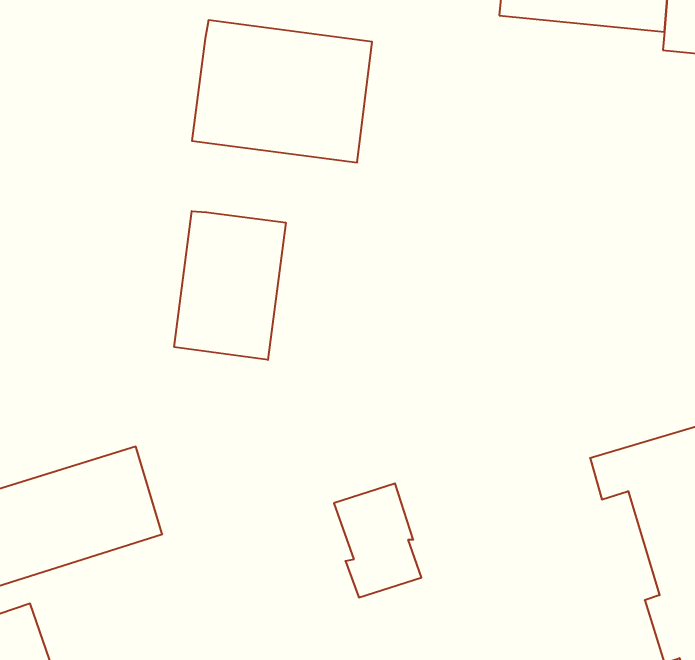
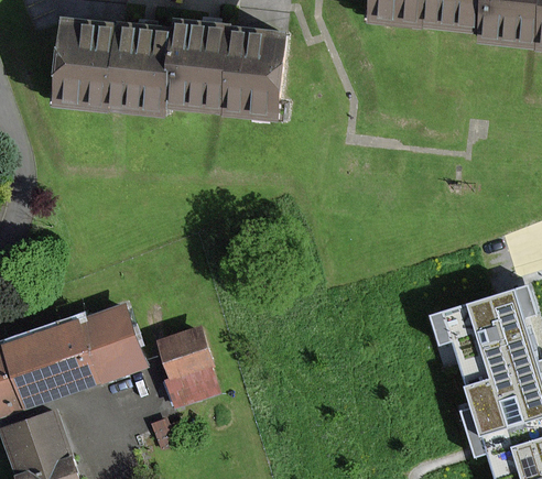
building: none -> [48,20,173,116]
building: [174,211,286,360] -> none
building: [334,483,421,597] -> [159,326,217,402]

